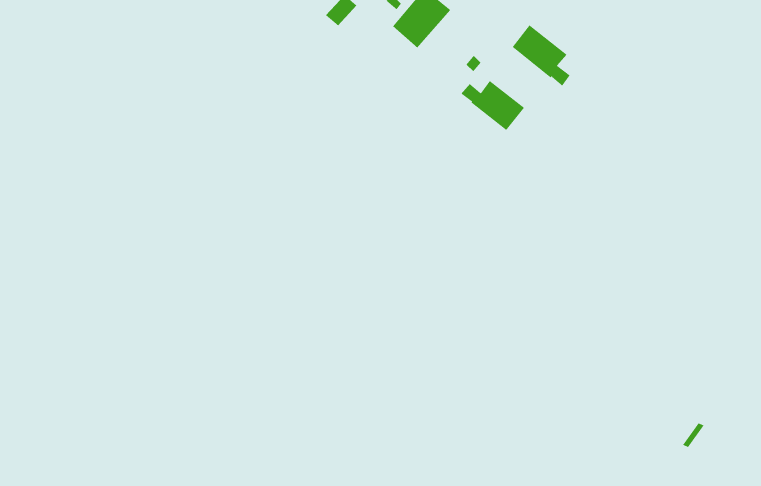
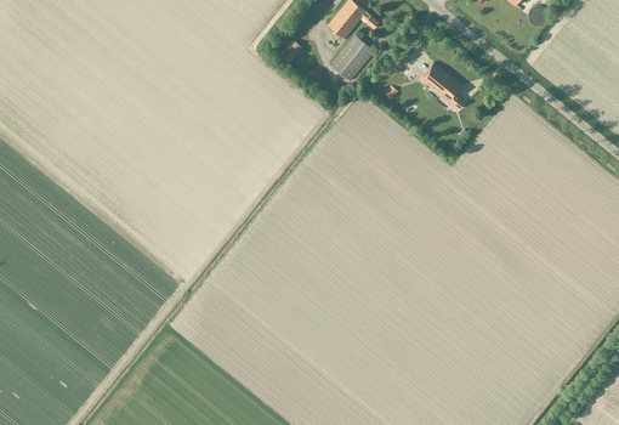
building: [460,80,525,131] -> none

